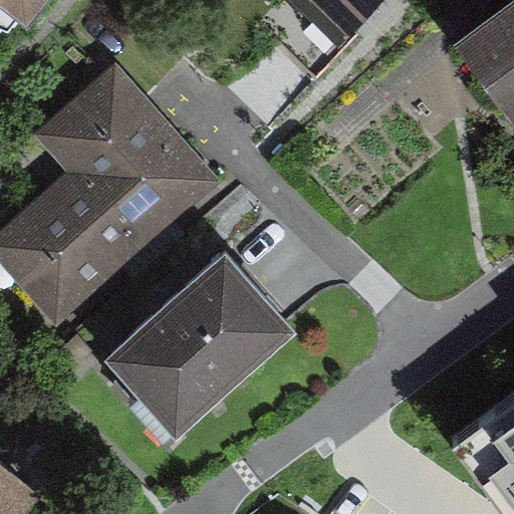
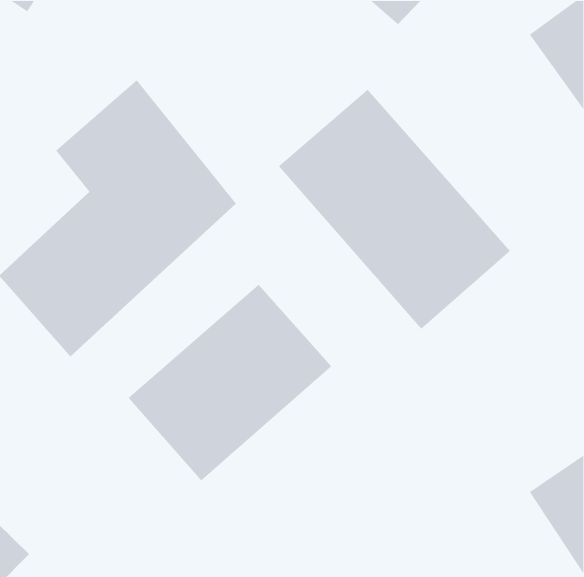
building: none -> [278,89,511,330]

